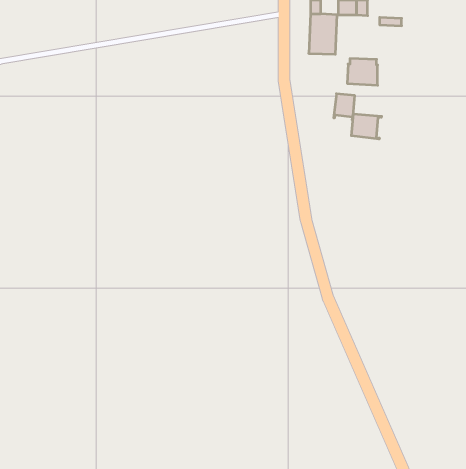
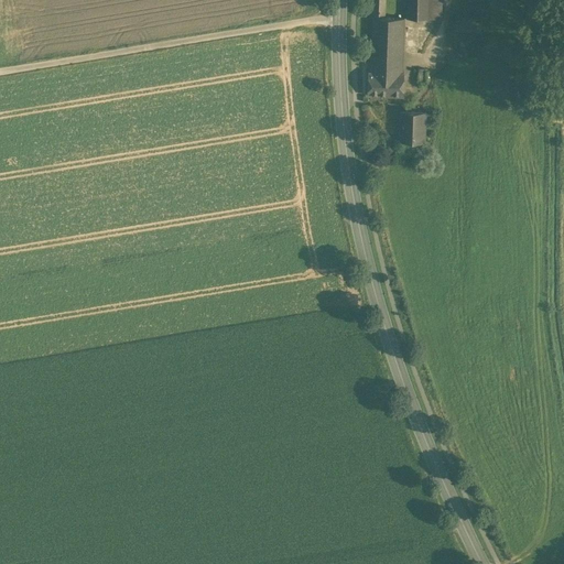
building: [347,59,378,85] -> [371,65,408,97]
building: [351,114,382,139] -> none

